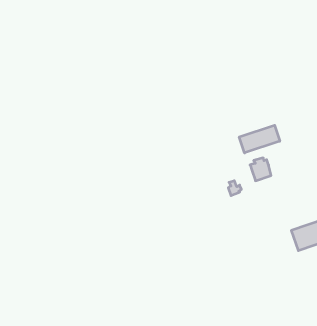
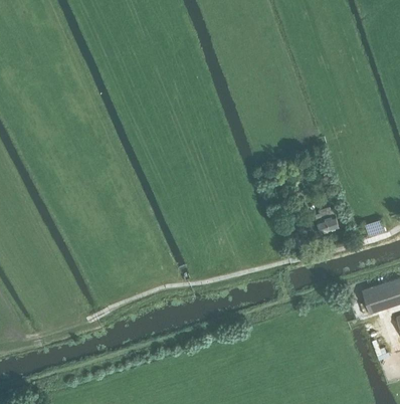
building: [239,125,280,153] -> none

